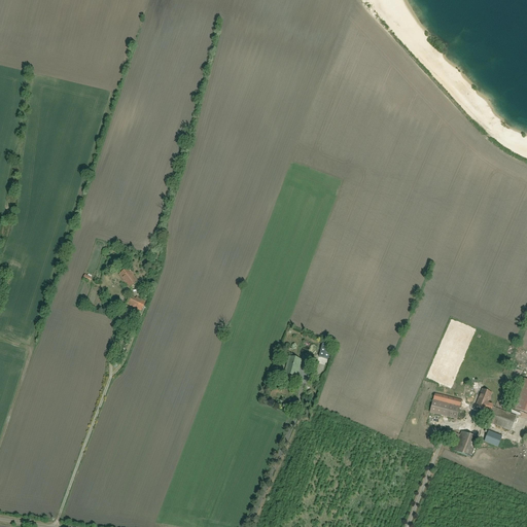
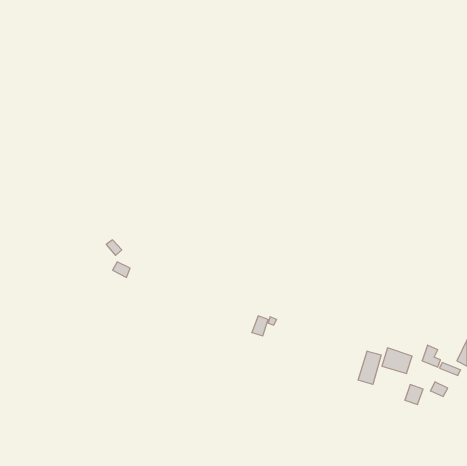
building: none -> [358,351,381,384]

